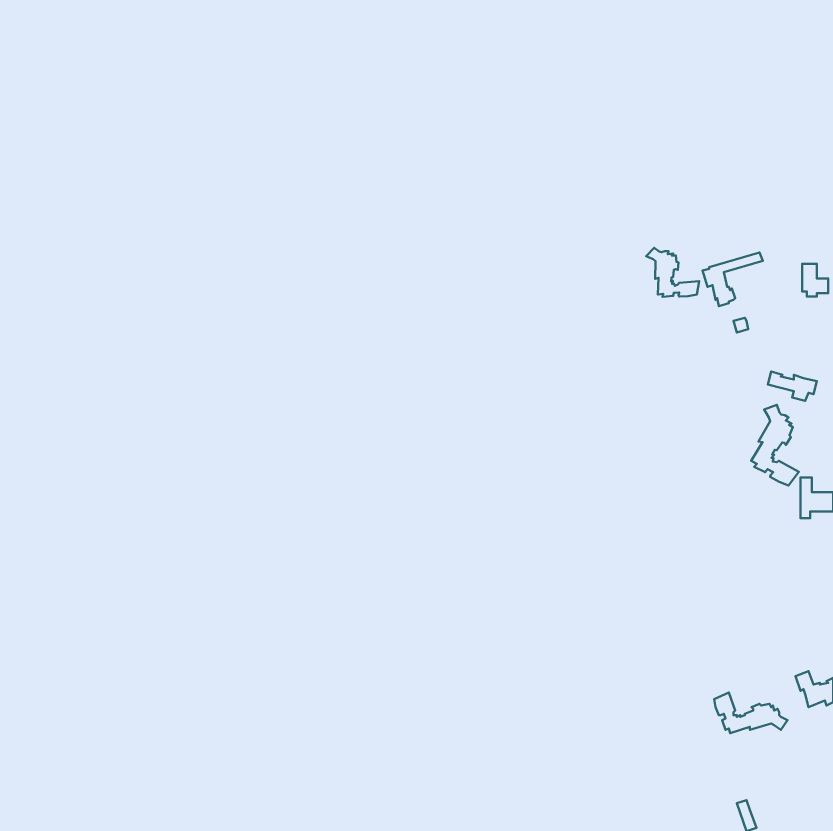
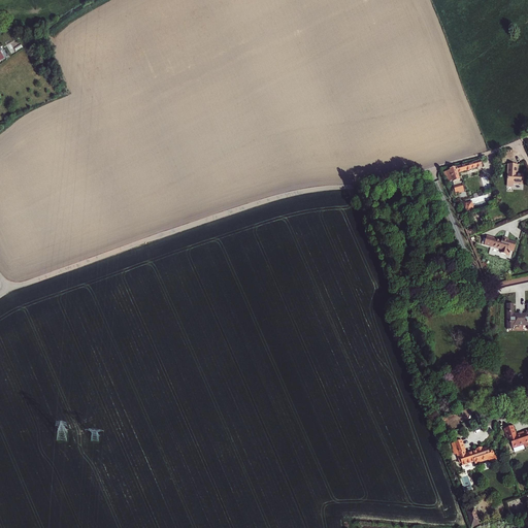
building: [646,248,699,297] -> none
building: [751,405,799,485] -> none

